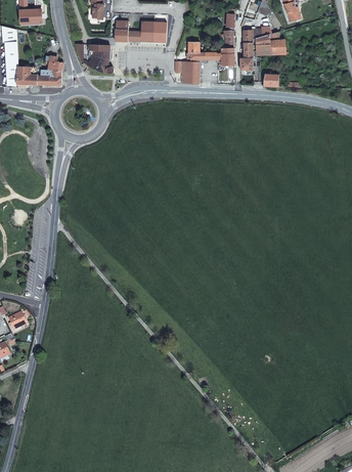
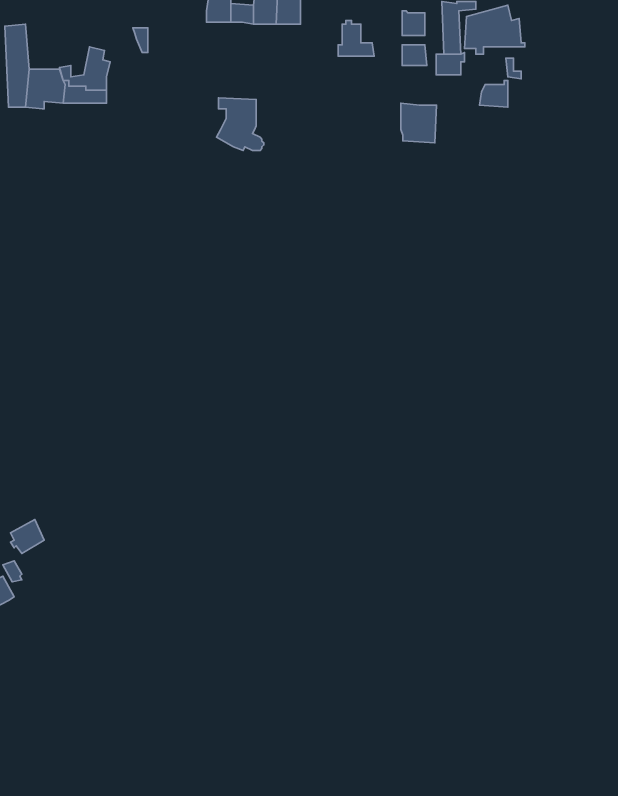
building: [88,43,114,72] -> [217,98,264,150]
building: [180,60,200,82] -> [401,103,437,143]

